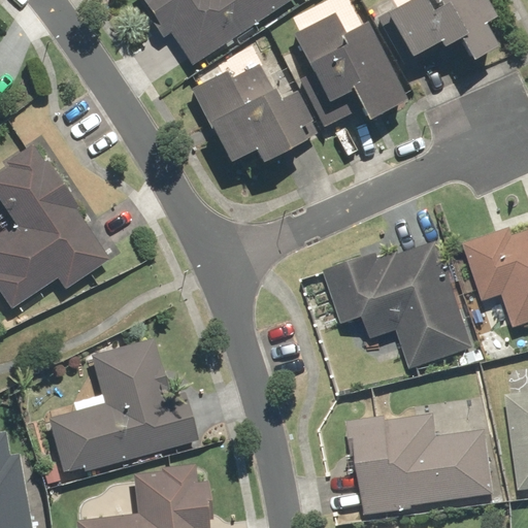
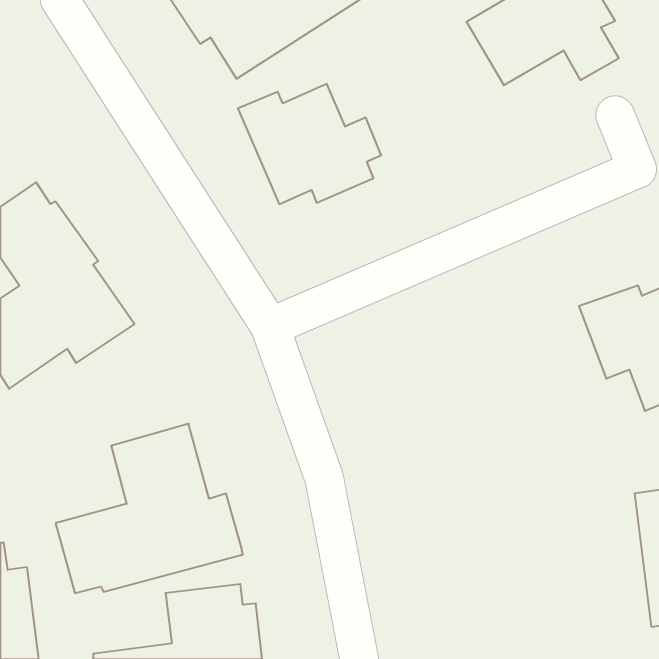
building: [288,12,399,127] -> none
building: [325,238,476,367] -> none
building: [349,412,497,518] -> none

